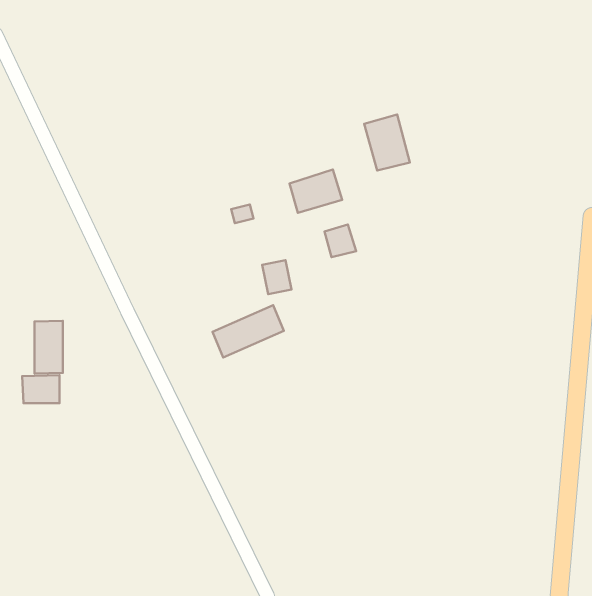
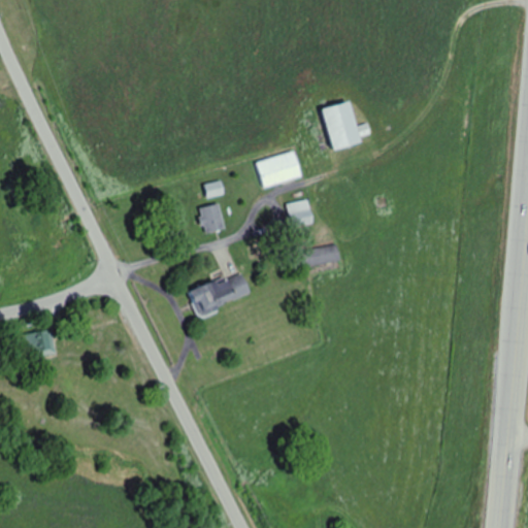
building: [262,260,292,294] -> [199,203,225,233]
building: none -> [303,243,340,265]
building: [34,321,63,373] -> none

